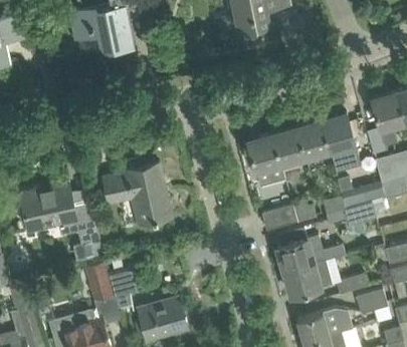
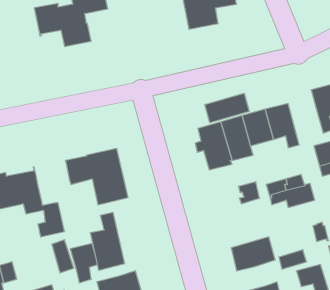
building: none -> [205,93,249,123]
building: [261,200,298,231] -> none
building: [277,229,345,272] -> none
building: none -> [91,212,124,270]

